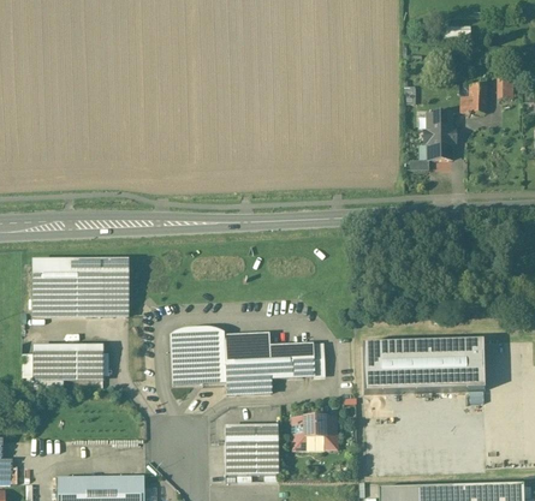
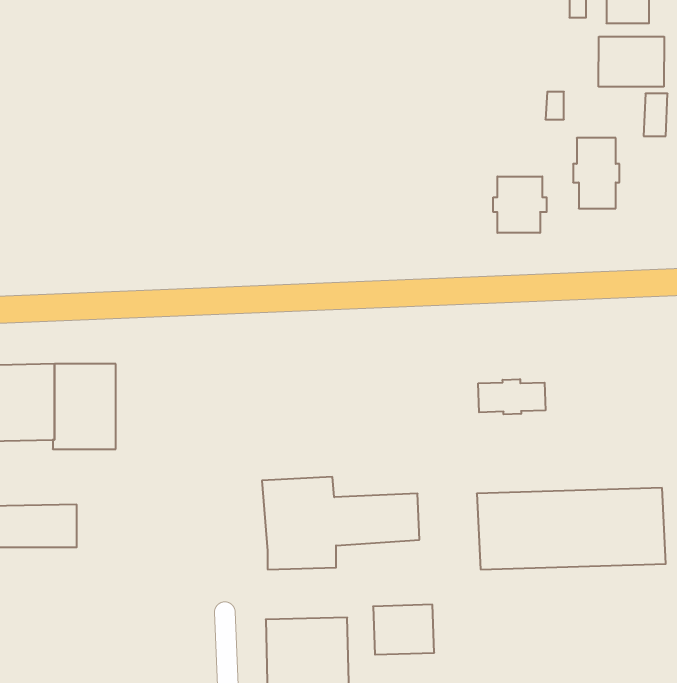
building: none -> [599,37,664,87]
building: none -> [493,176,547,233]
building: none -> [478,379,545,414]
building: [172,327,226,382] -> none

